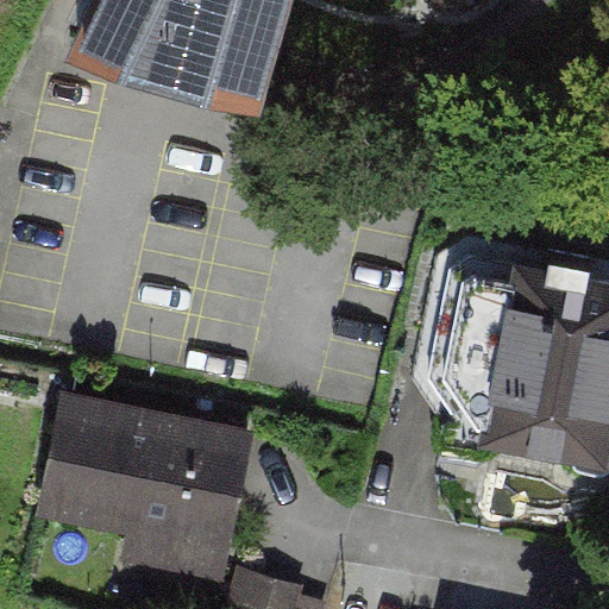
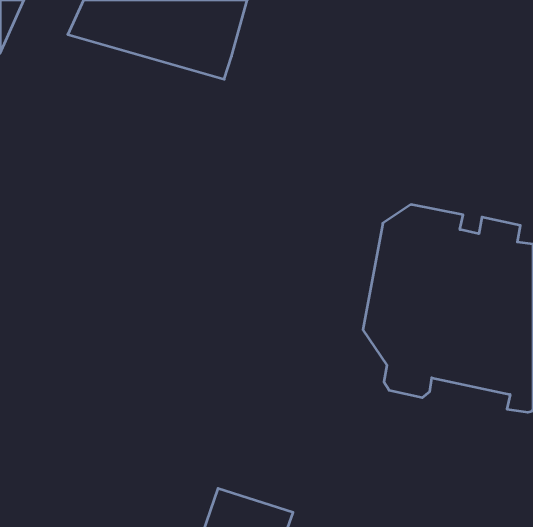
building: [44,401,258,565] -> none

